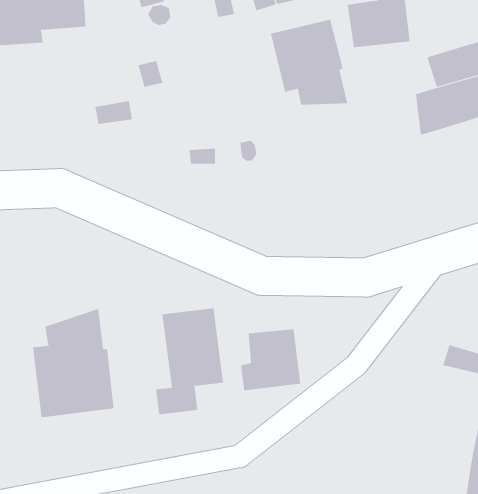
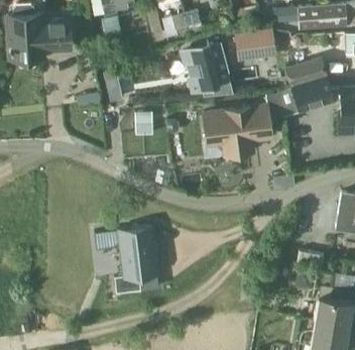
building: none -> [204,90,281,154]
building: [33,308,114,418] -> none
building: [241,329,301,391] -> none

